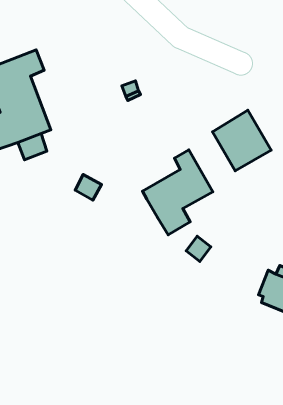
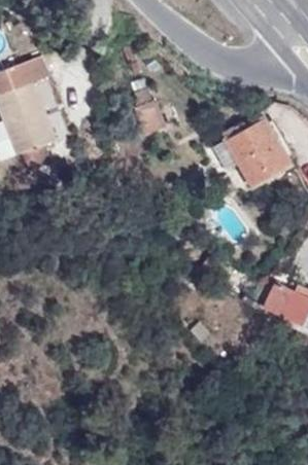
building: [142,150,213,235] -> none

